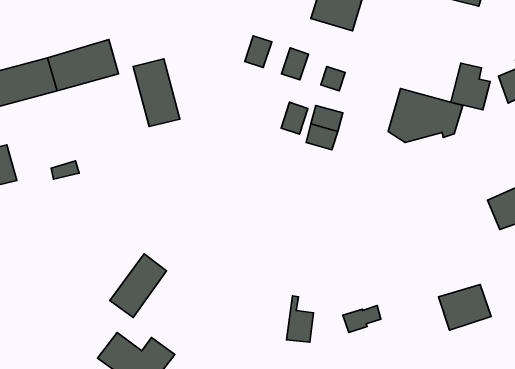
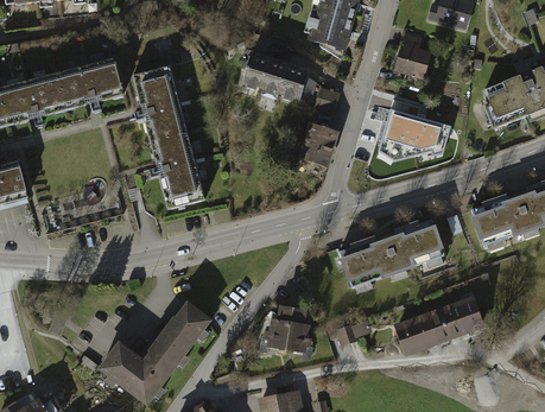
building: [451,63,490,110] -> [393,32,431,77]
building: [281,102,308,134] -> [259,62,285,93]
building: none -> [148,137,192,203]
building: none -> [343,217,449,287]
building: [110,254,166,318] -> [151,303,205,365]
building: none -> [261,306,287,350]
building: none -> [388,309,439,354]

